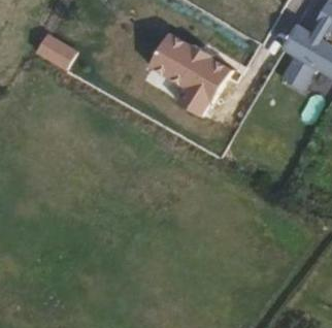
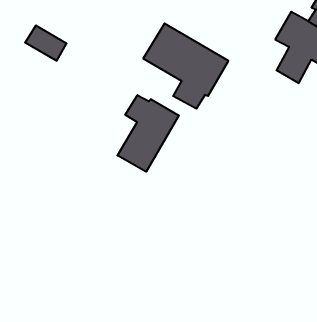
building: none -> [117,95,179,172]

